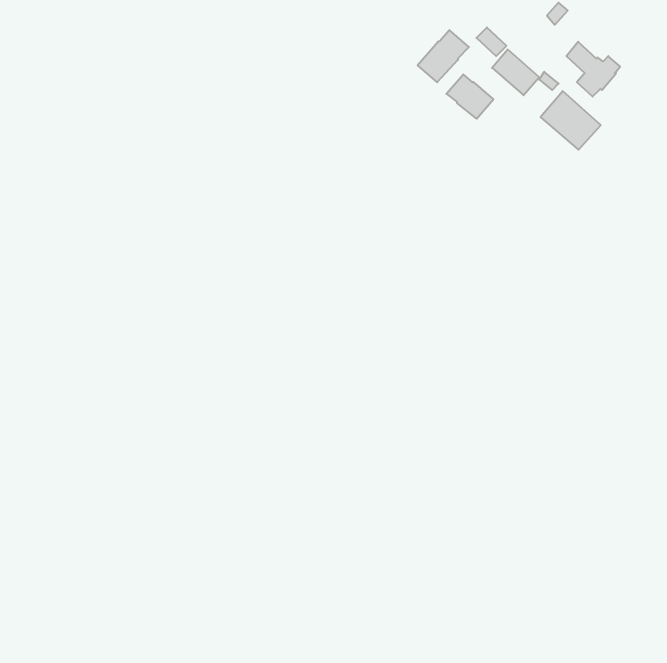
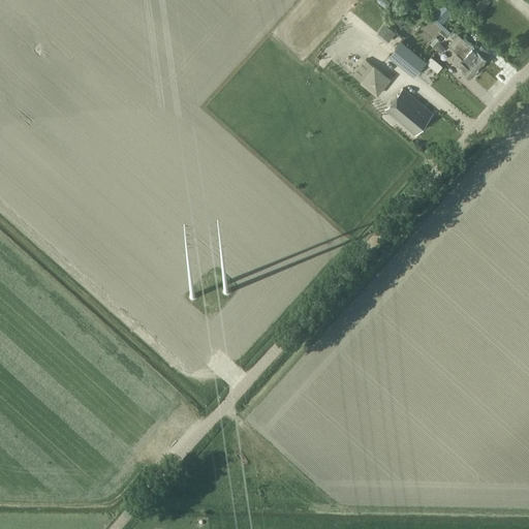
building: [418,30,469,82] -> none
building: [541,91,601,150] -> [385,89,433,135]

